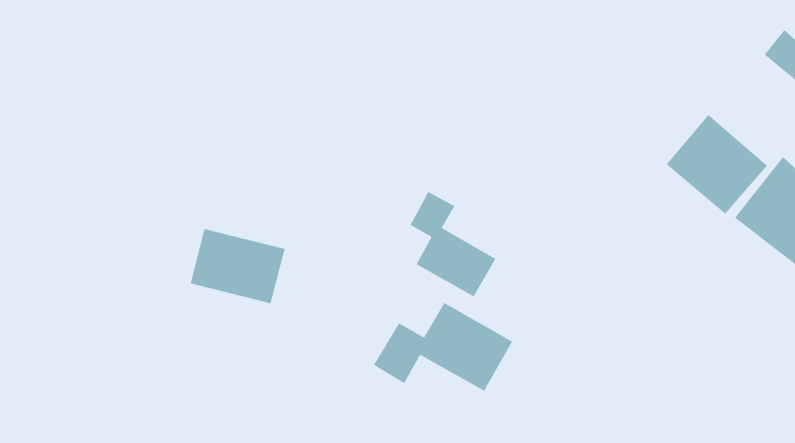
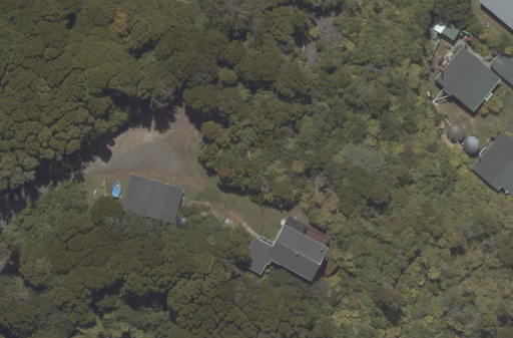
building: [666,114,768,215] -> [436,47,501,111]
building: [410,191,496,297] -> none

